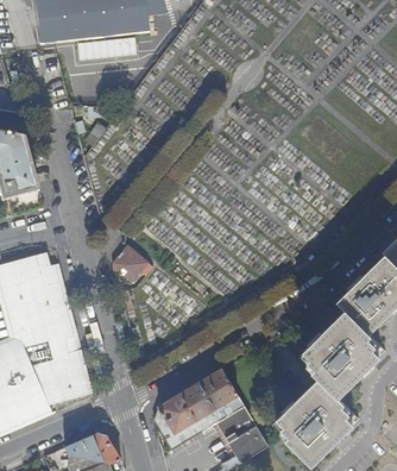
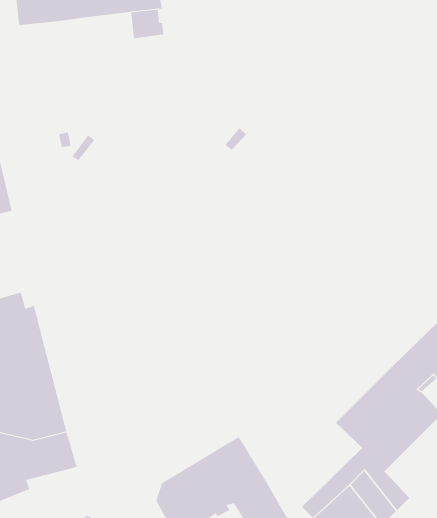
building: [112,245,151,284] -> none

